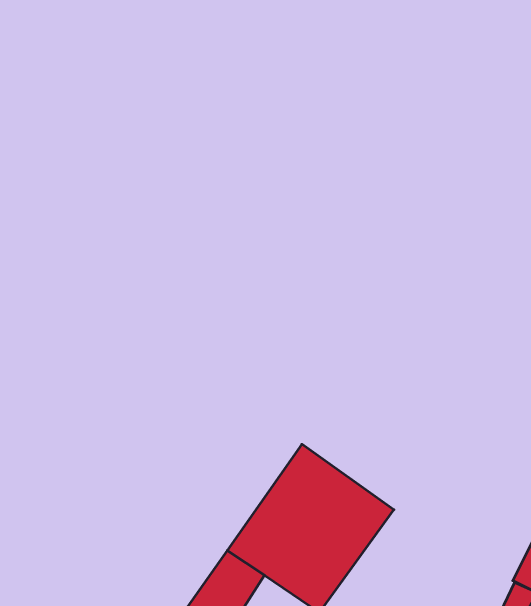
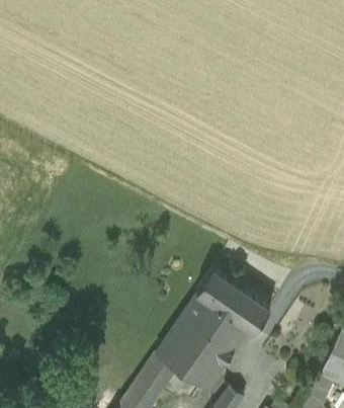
building: none -> [198,269,272,333]

